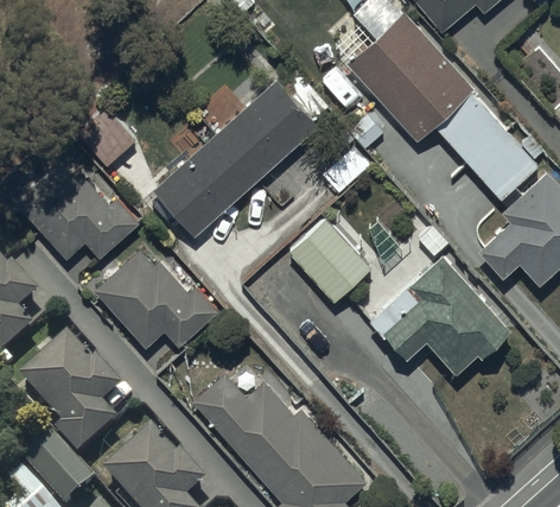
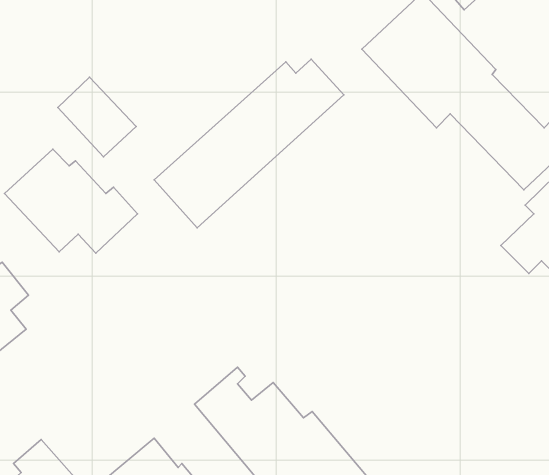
building: [288,216,373,302] -> none
building: [95,252,218,349] -> none
building: [371,255,515,376] -> none
building: [21,340,125,461] -> none

